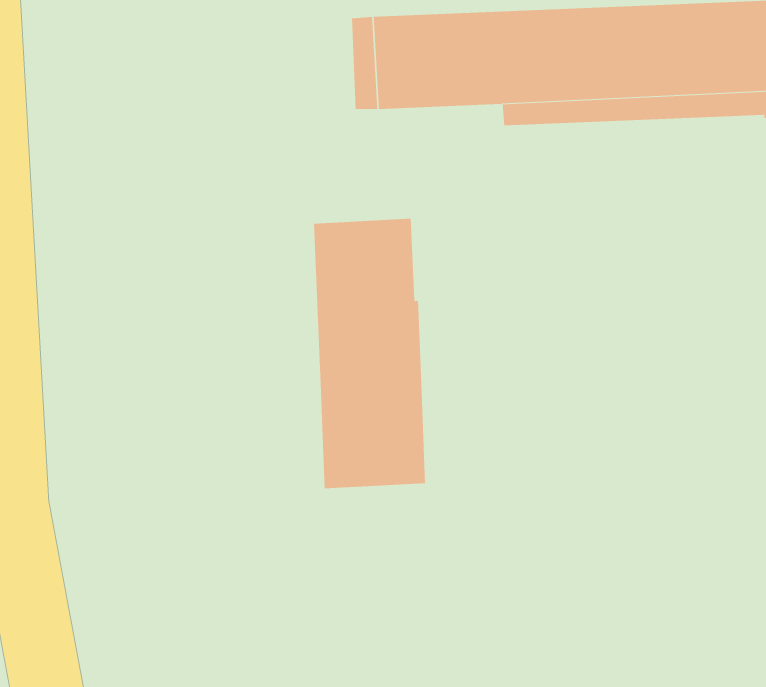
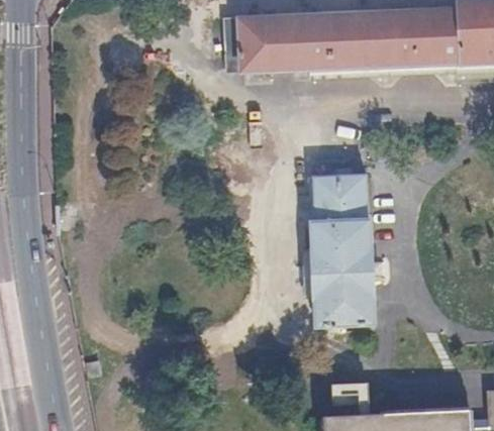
building: [313,218,426,489] -> [310,172,374,324]

